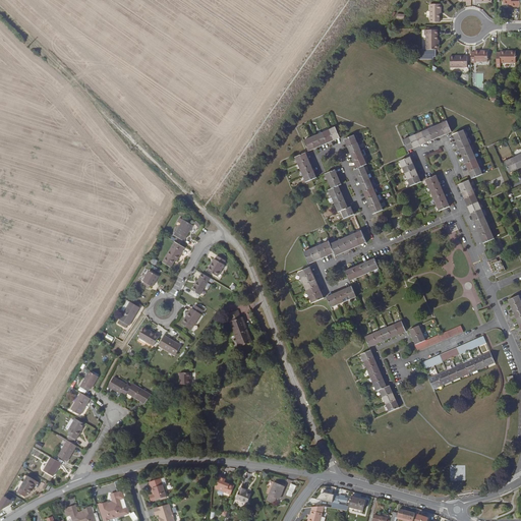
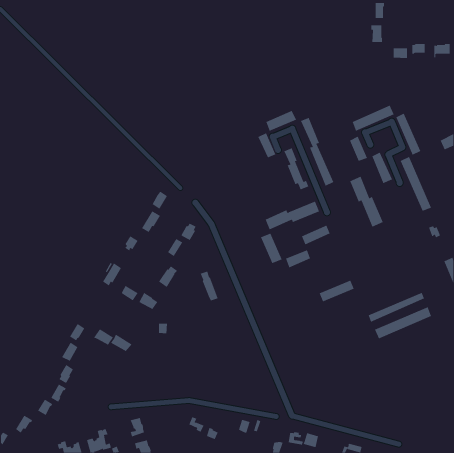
building: none -> [350,176,384,227]
building: [409,325,464,351] -> none
building: [360,349,399,411] -> none

